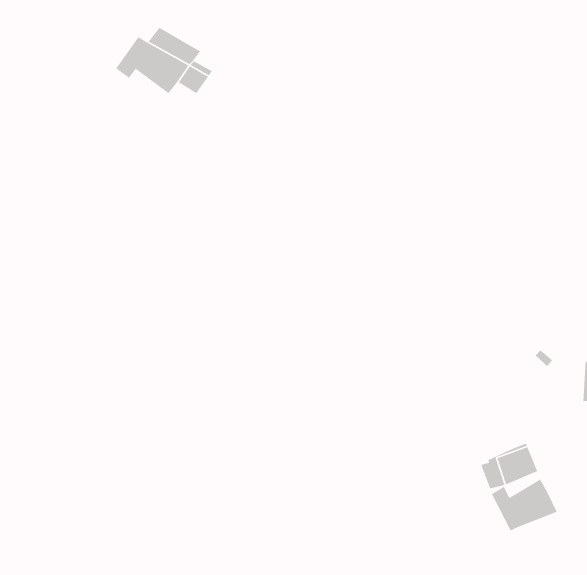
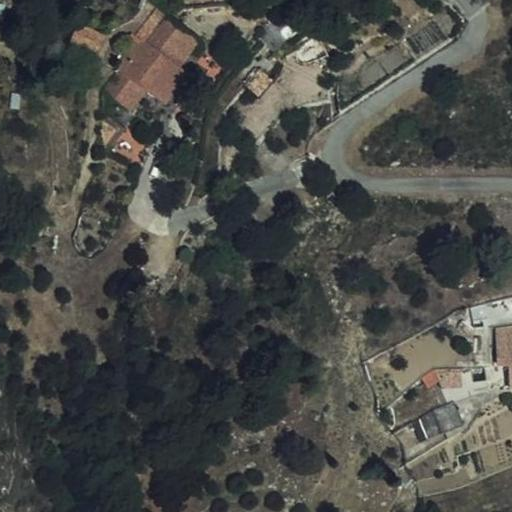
building: none -> [143,22,188,60]
building: [491,478,558,531] -> none

